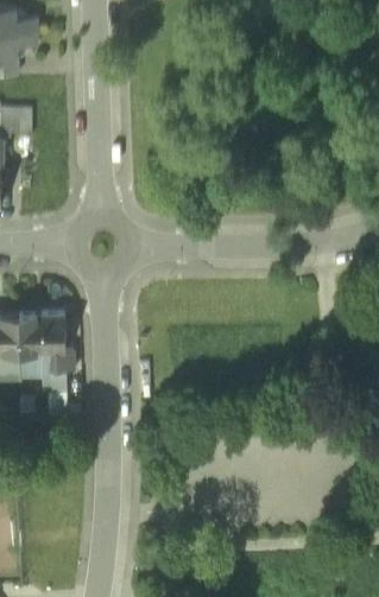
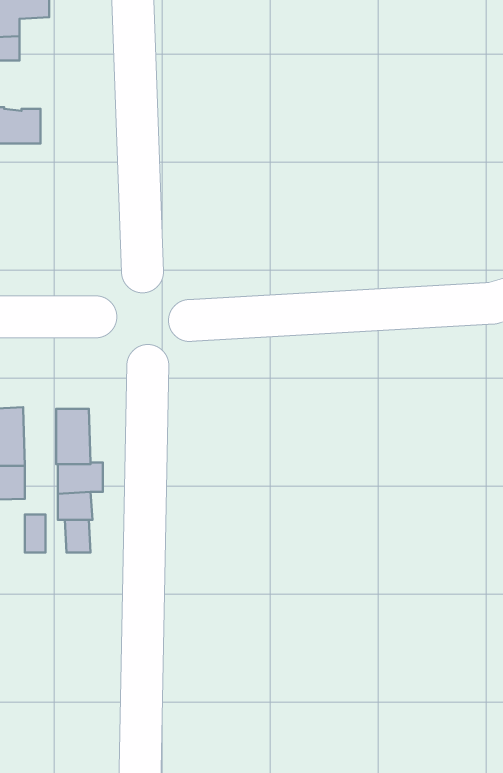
building: [20,315,43,354] -> none

